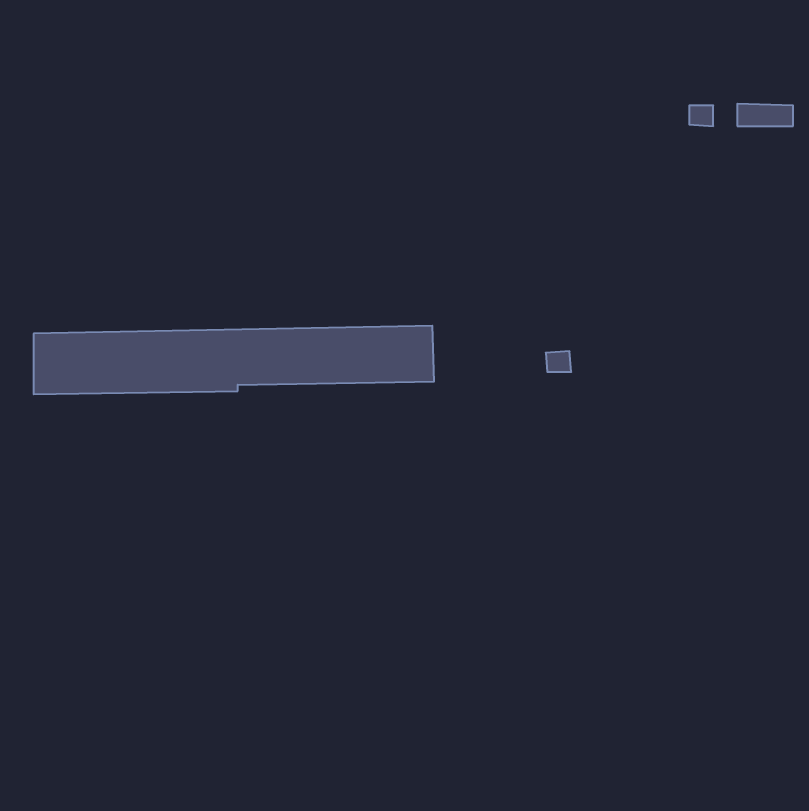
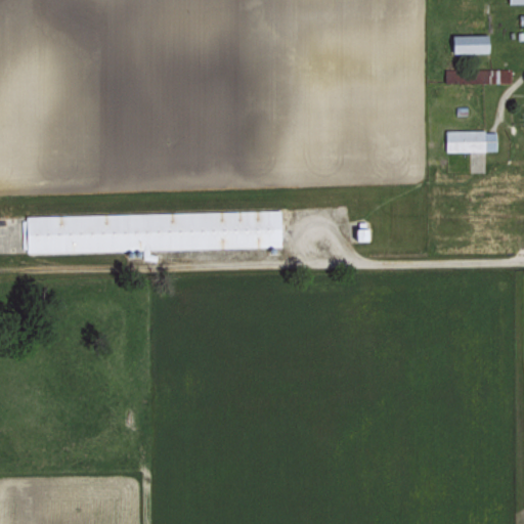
building: none -> [452,35,491,54]
building: none -> [446,131,498,152]

